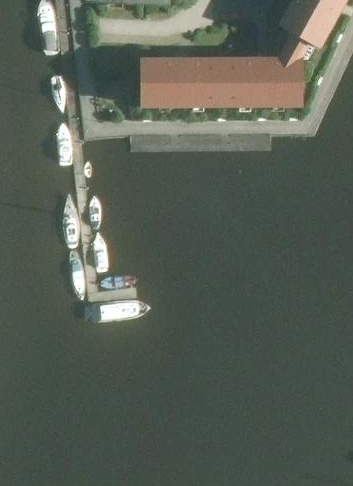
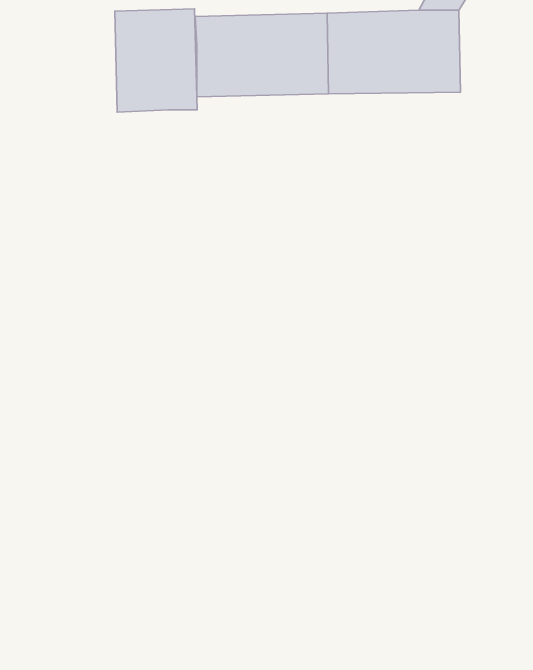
building: none -> [115,9,197,112]

